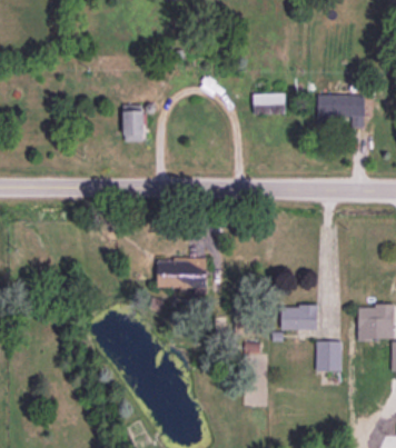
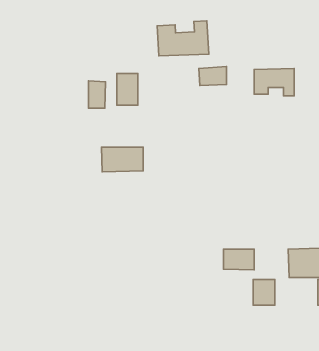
building: none -> [157,21,209,56]
building: none -> [117,74,138,105]
building: [157,259,206,288] -> [101,147,143,172]

